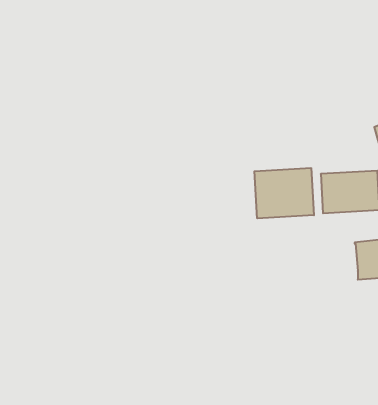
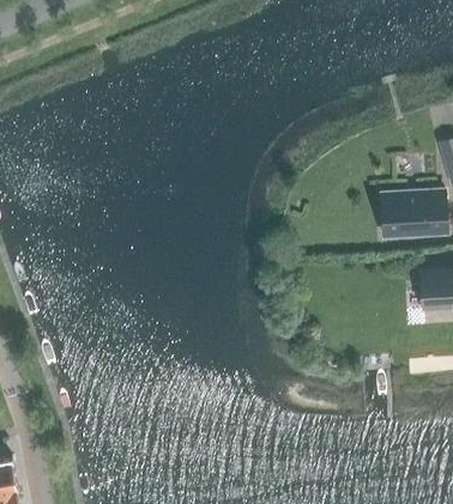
building: [254,168,314,218] -> none

